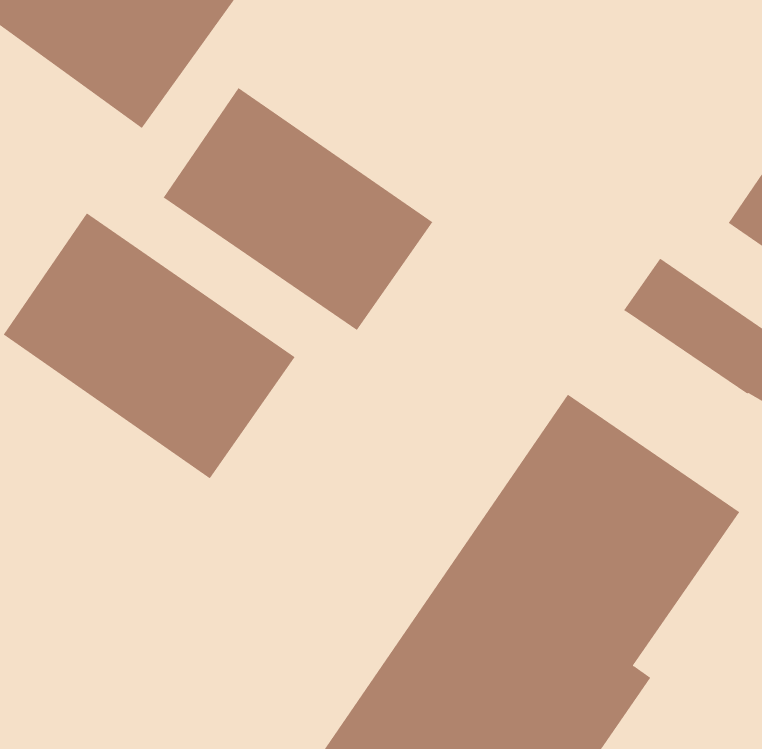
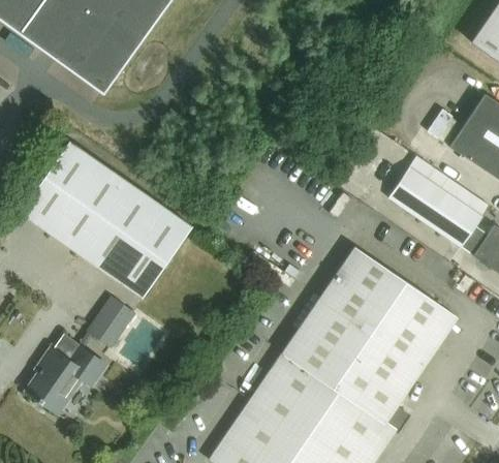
building: [163,87,433,331] -> none
building: none -> [85,295,133,346]
building: none -> [26,345,107,414]

